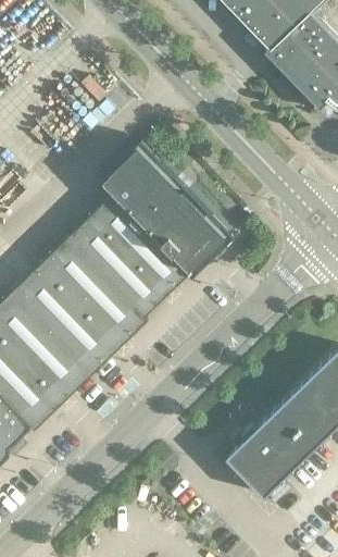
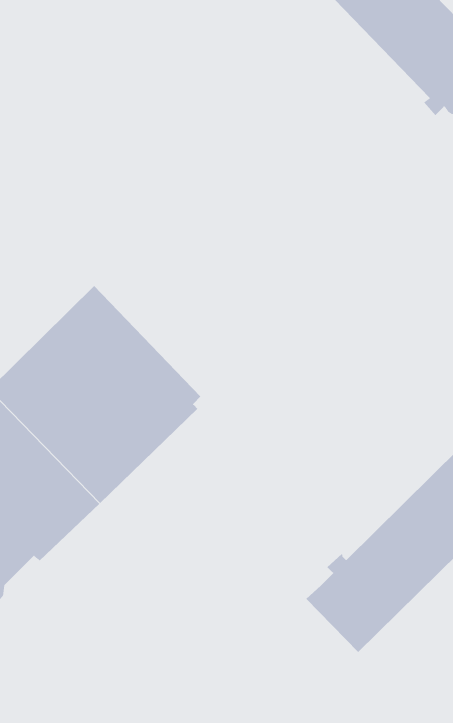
building: [73,145,229,311] -> none

